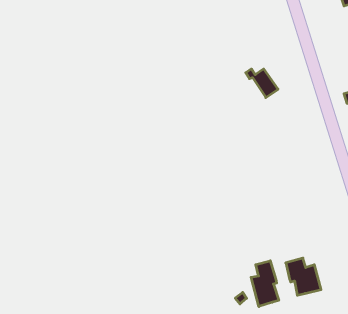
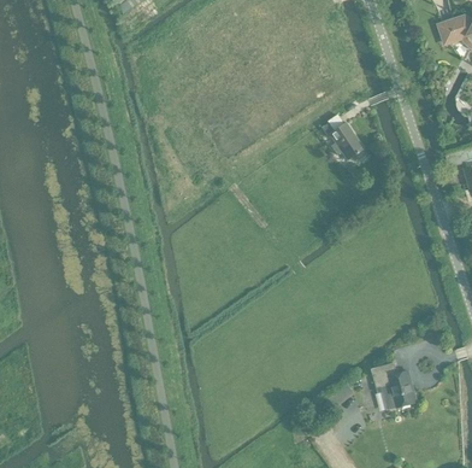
building: [251,261,279,307] -> none

